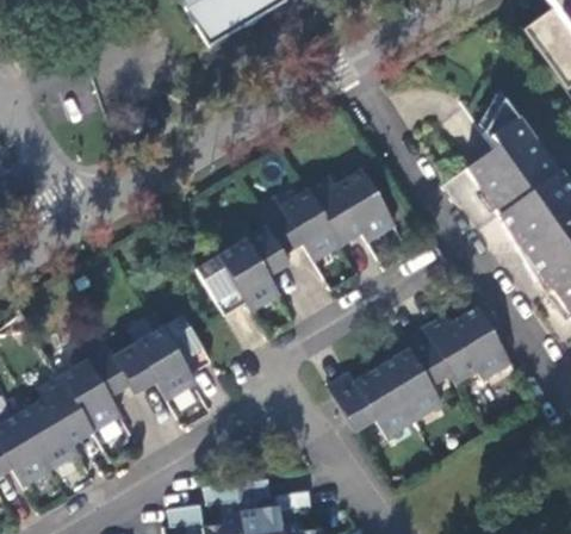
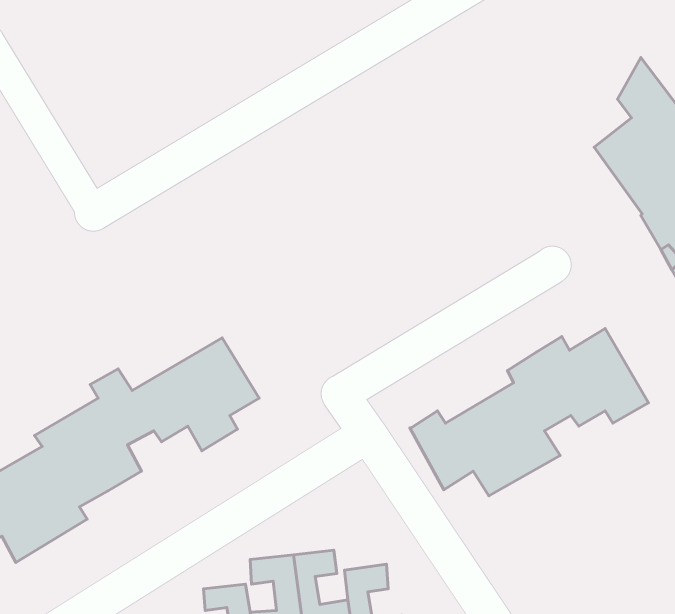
building: [197,172,393,316] -> none

